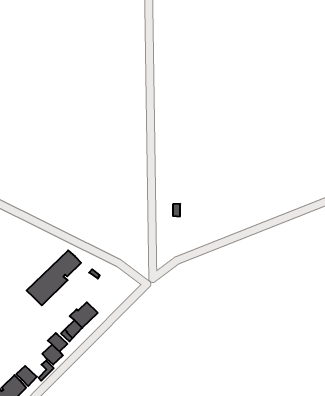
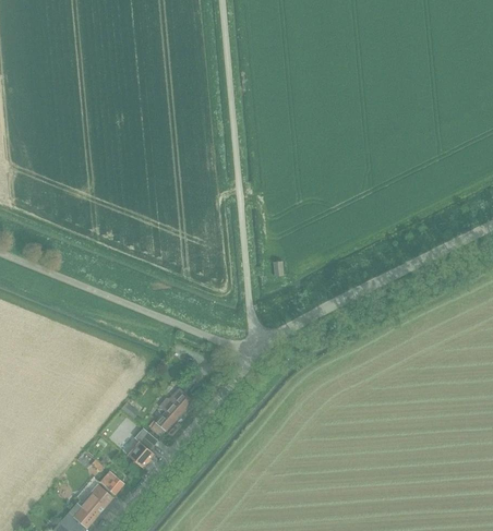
building: [27,250,81,305] -> none

